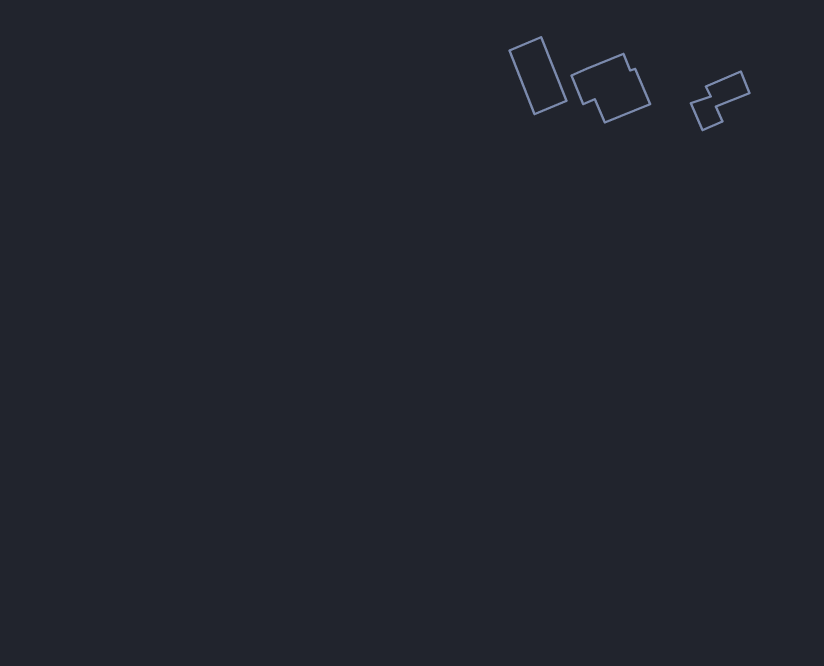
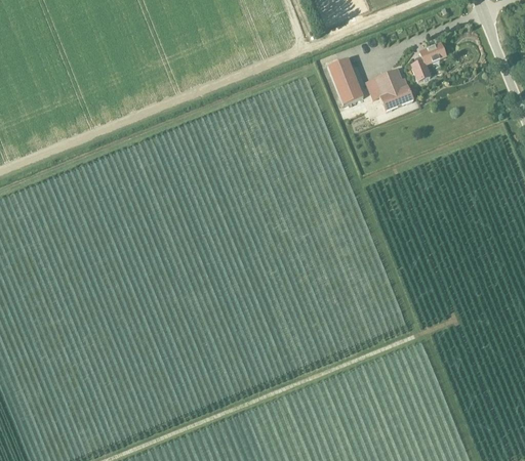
building: [691,71,749,130] -> [410,42,446,78]

